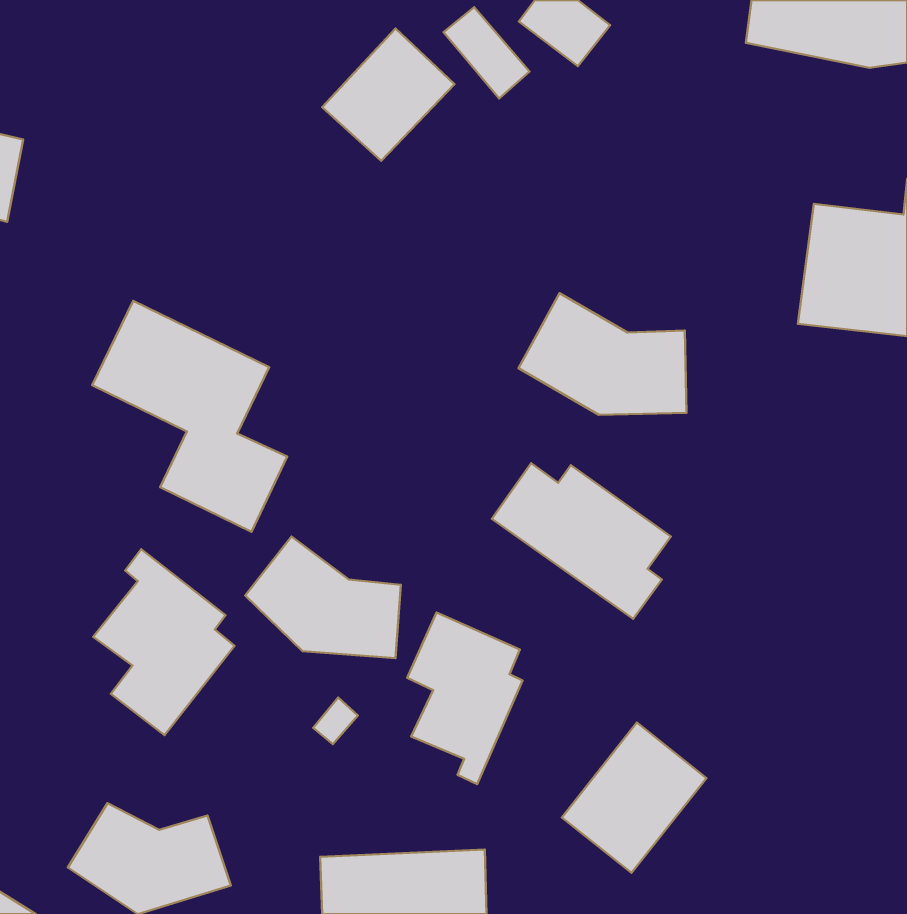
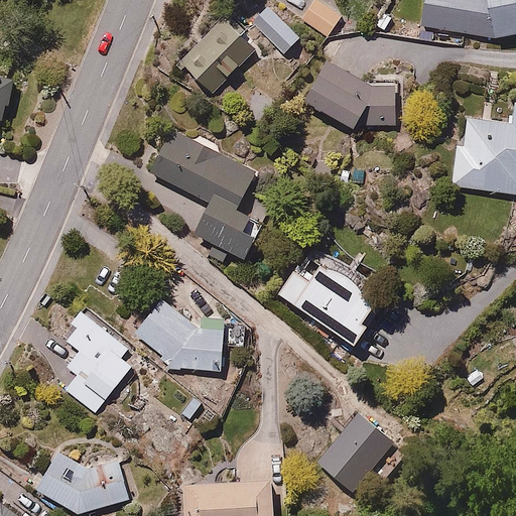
building: [518,293,687,415] -> [306,59,401,128]
building: [92,301,287,532] -> [155,132,265,262]
building: [407,613,523,784] -> none

